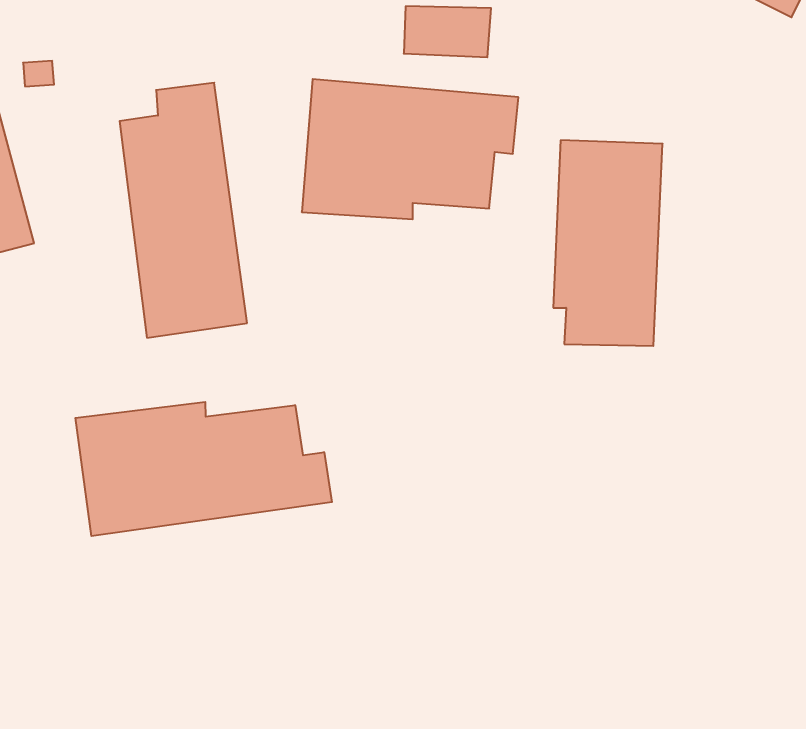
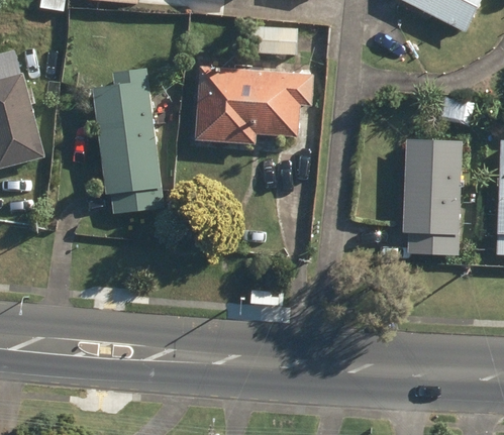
building: [553,140,663,346] -> [402,140,463,254]
building: [75,402,332,536] -> none

